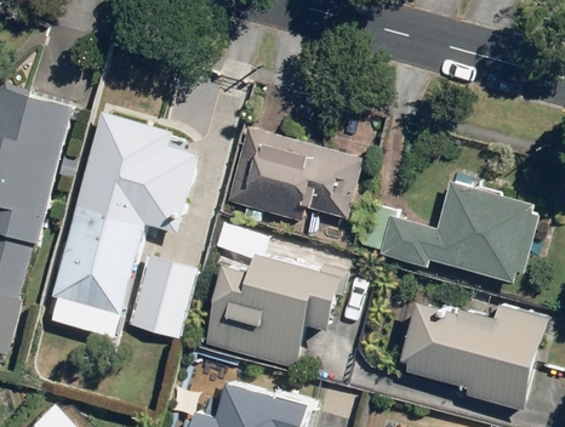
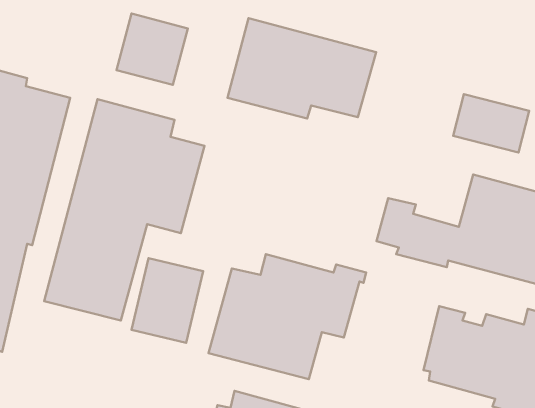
building: none -> [117,14,188,85]
building: none -> [453,94,529,153]
building: [226,126,364,220] -> [228,18,376,119]

